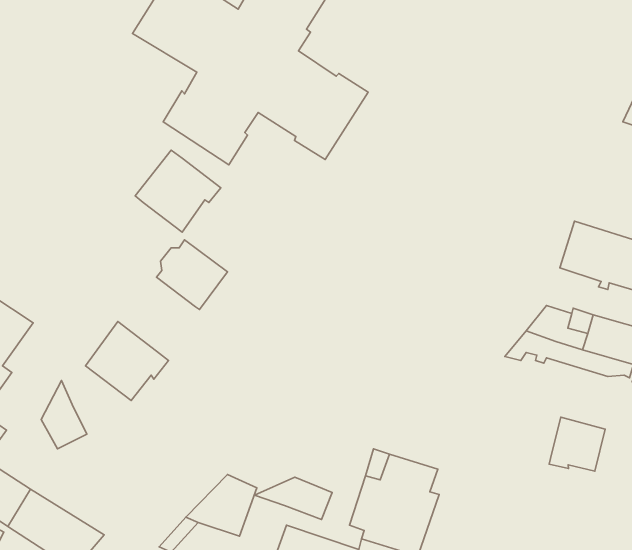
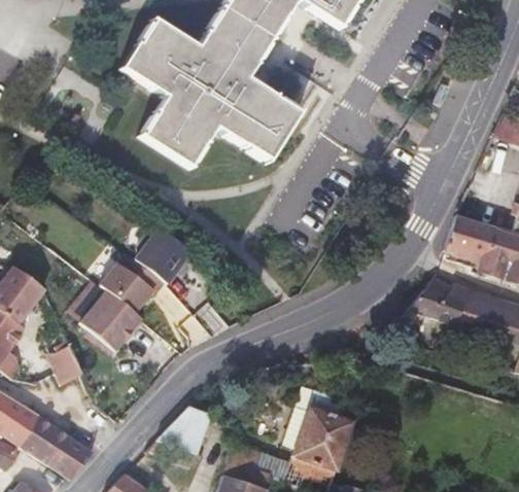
building: [135,150,221,232] -> [101,250,167,313]
building: [549,417,605,471] -> none
building: [254,477,332,519] -> none

